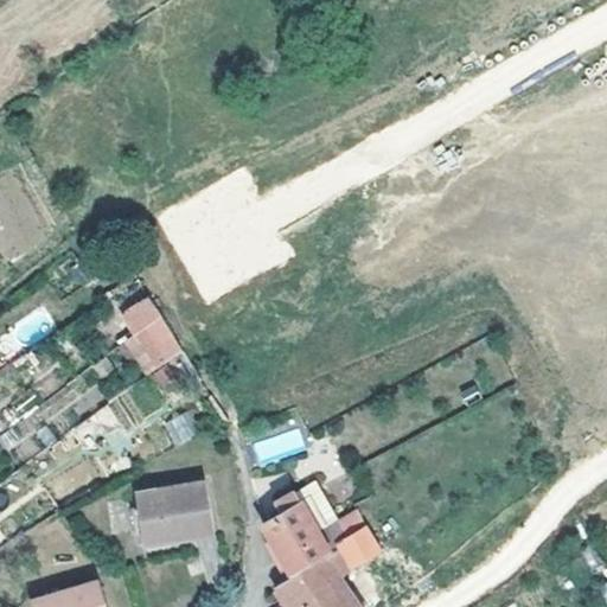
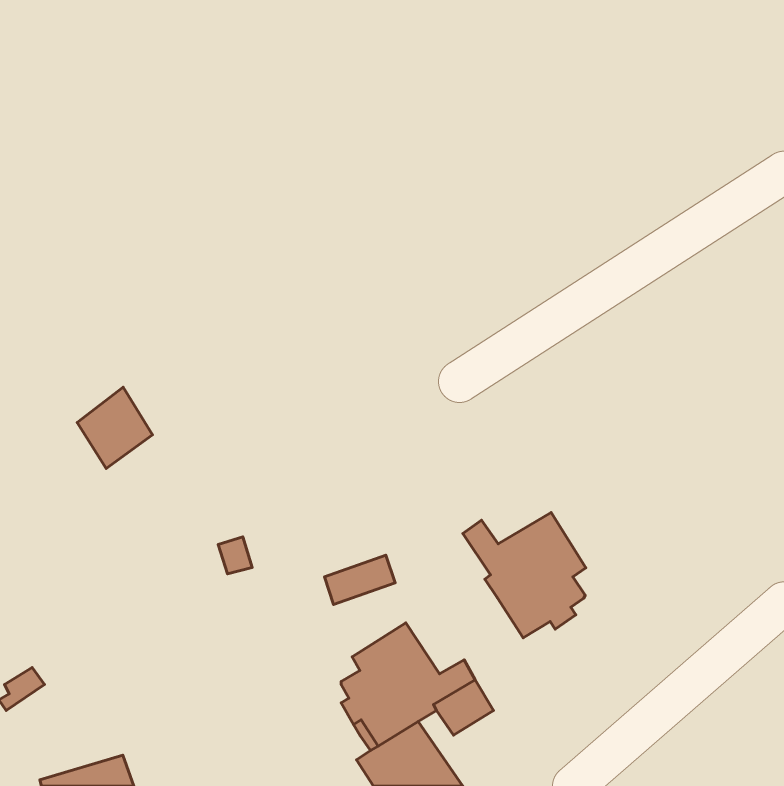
building: [123,314,181,377] -> [77,387,152,469]
building: none -> [463,512,586,638]
building: [133,480,212,545] -> none

